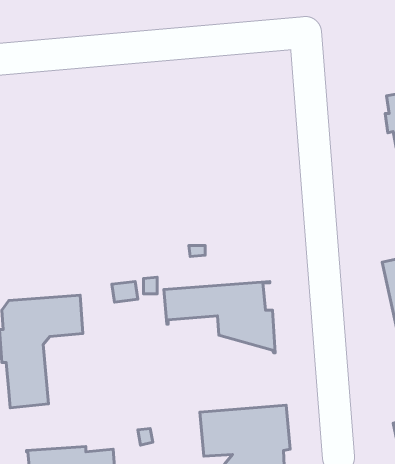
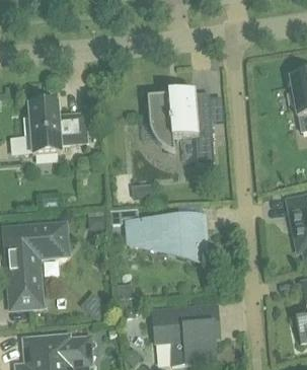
building: none -> [147,91,214,162]
building: none -> [24,100,86,153]

